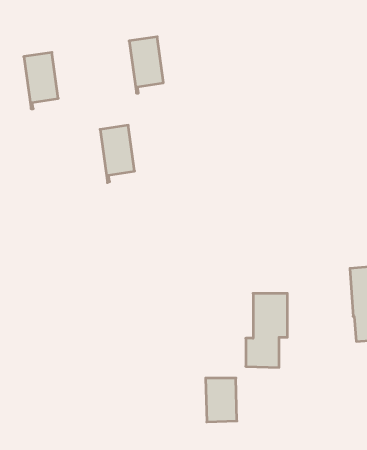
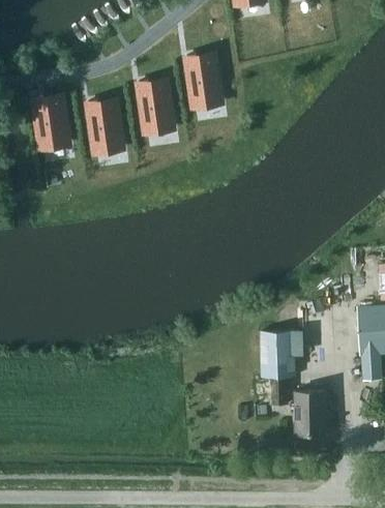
building: none -> [185,55,219,111]
building: [100,125,135,183] -> [87,100,121,157]
building: [206,378,237,422] -> [294,393,325,437]

